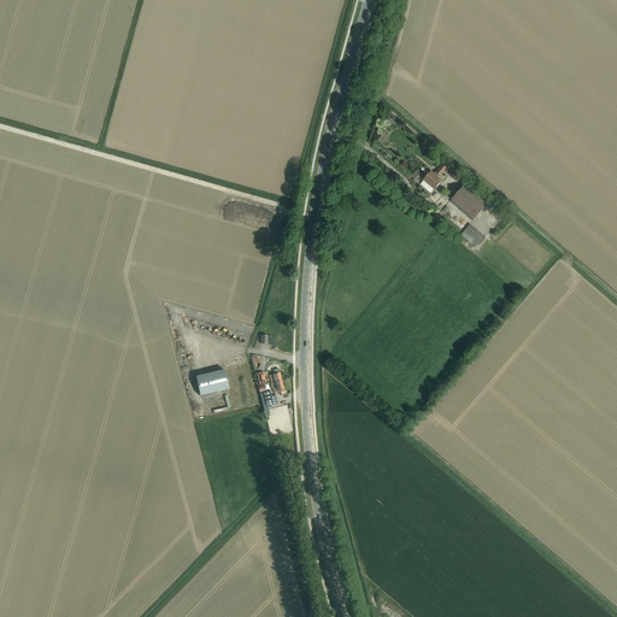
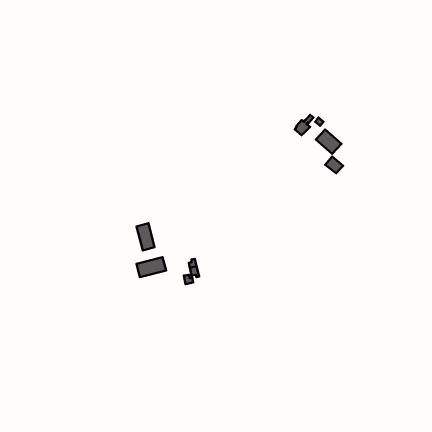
building: none -> [136,223,155,251]

